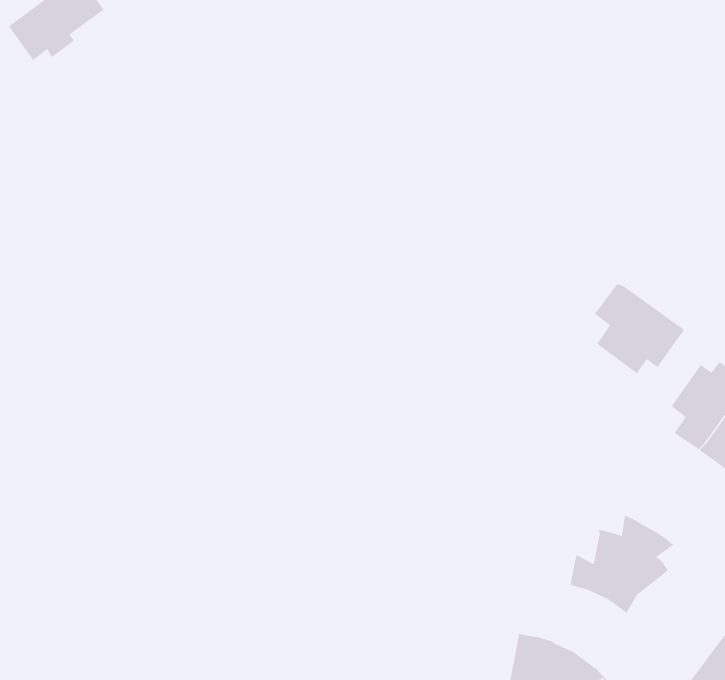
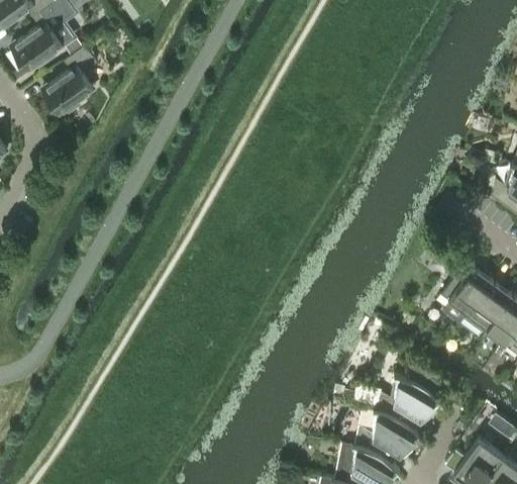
building: none -> [43,49,99,115]
building: [594,283,685,374] -> none
building: none -> [356,411,423,466]

